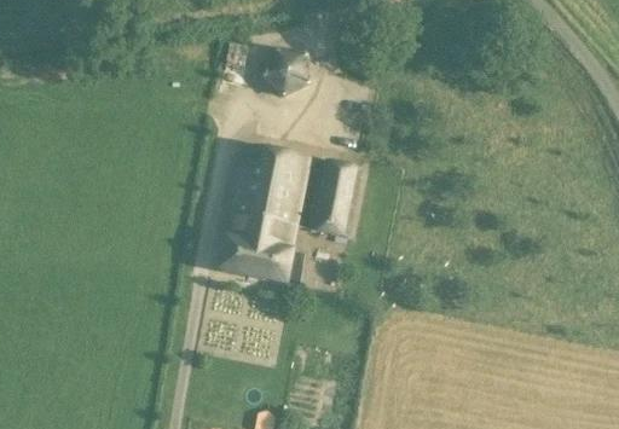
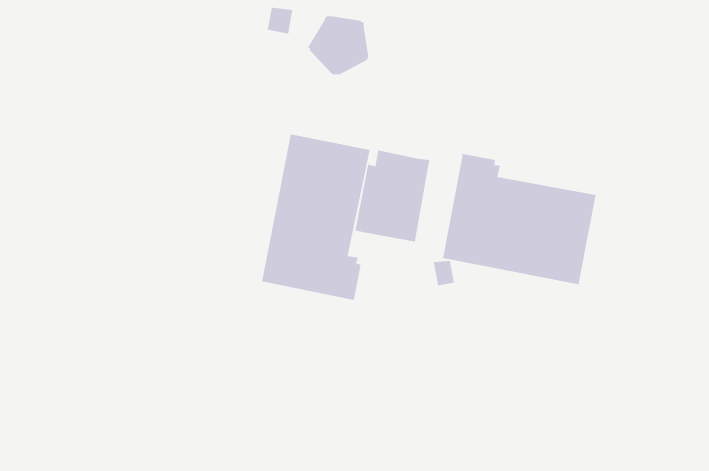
building: none -> [442,153,596,285]

